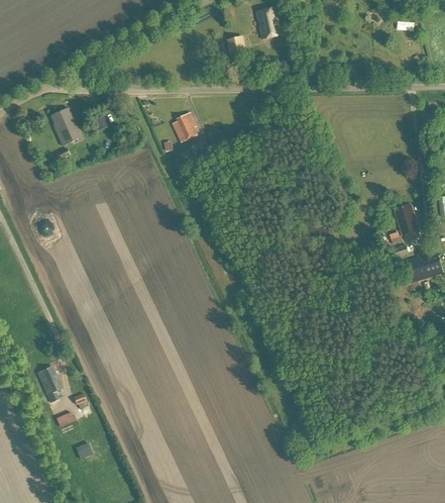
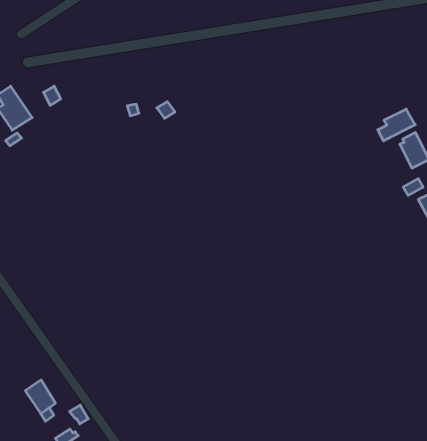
building: [172,112,197,142] -> none
building: none -> [378,109,415,141]

